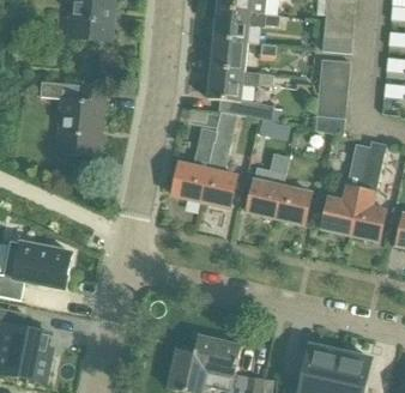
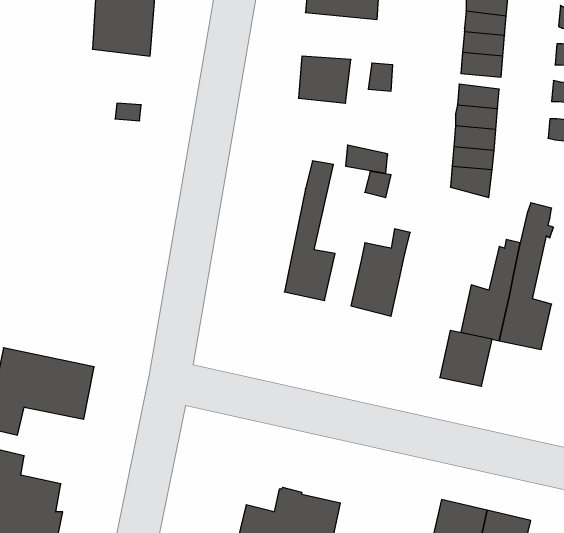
building: [213,10,279,42] -> none
building: [207,68,273,102] -> none
building: [41,80,105,155] -> none
building: [173,128,216,201] -> none
building: [274,186,310,224] -> [440,330,492,386]

